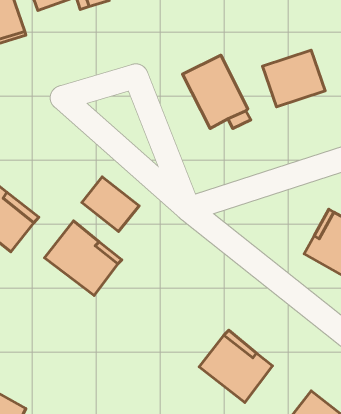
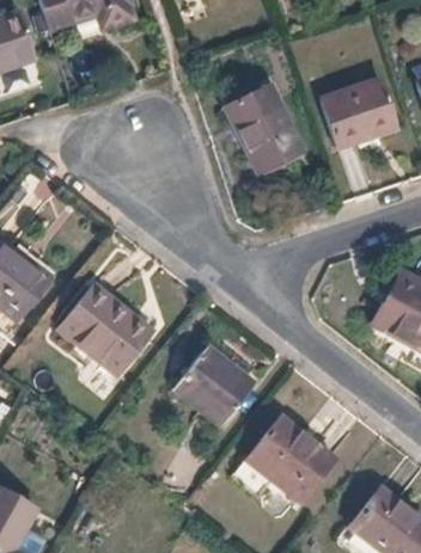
building: [82,177,139,231] -> none
building: none -> [175,345,255,425]

